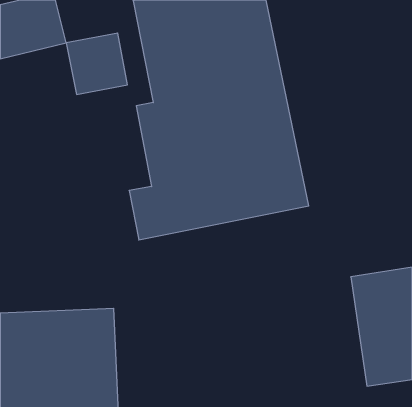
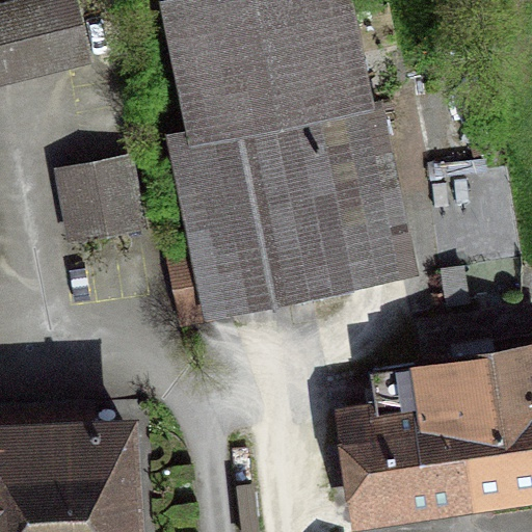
building: [66,33,127,94] -> [59,163,138,242]
building: none -> [344,364,473,522]

